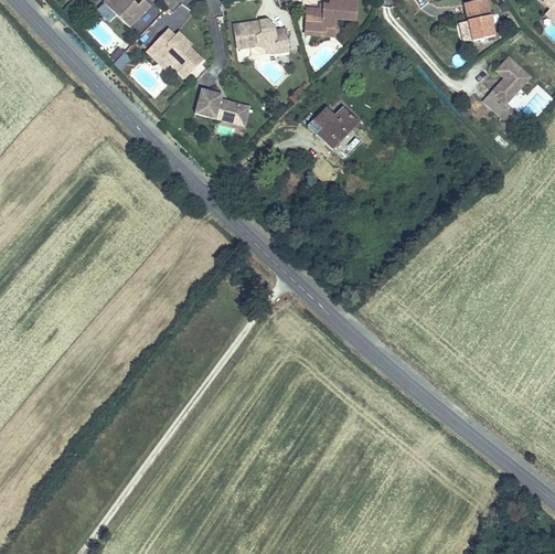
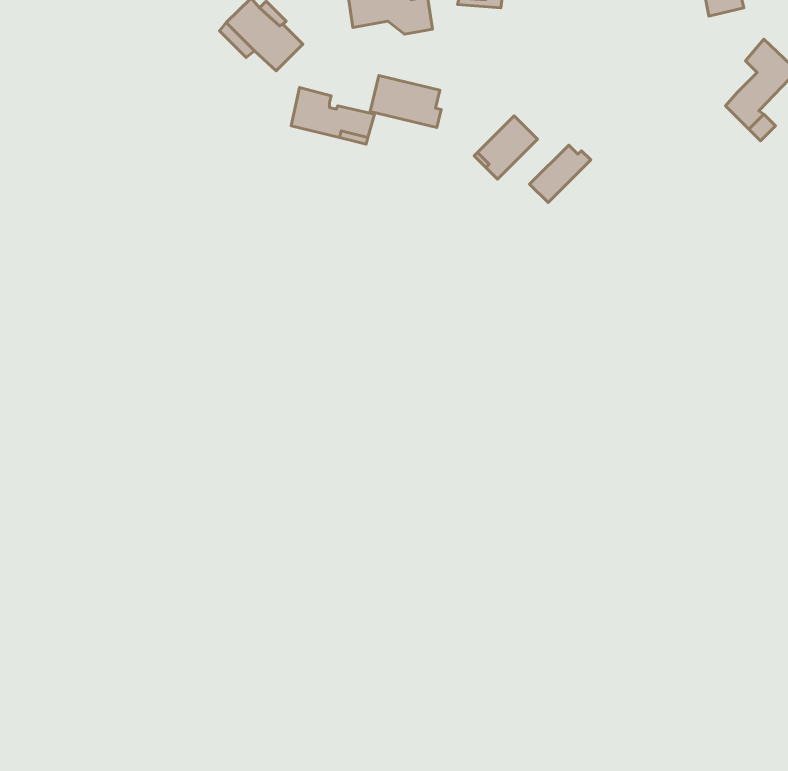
building: none -> [370,76,441,128]
building: none -> [530,145,591,203]

